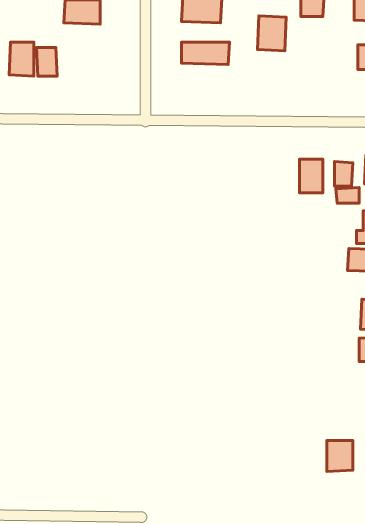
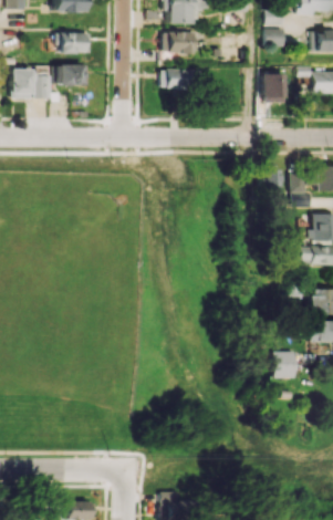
building: [258,16,286,51] -> [260,73,284,103]
building: none -> [58,64,85,86]
building: [327,440,353,472] -> [275,352,298,378]

